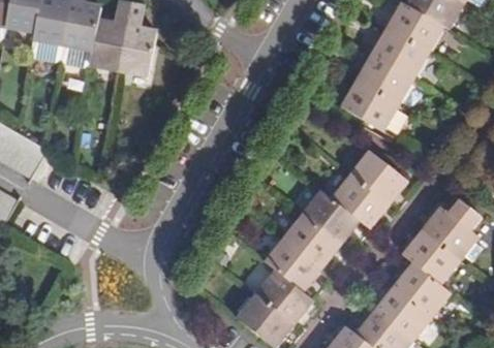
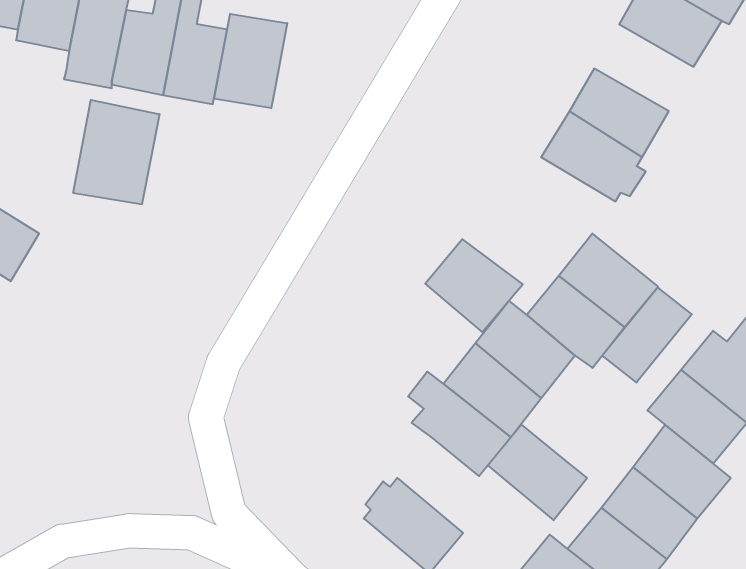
building: none -> [214,14,287,108]
building: [370,28,428,78] -> none
building: none -> [73,100,160,204]
building: none -> [425,239,523,332]
building: none -> [602,287,692,383]
building: [255,268,313,324] -> [488,425,587,520]

